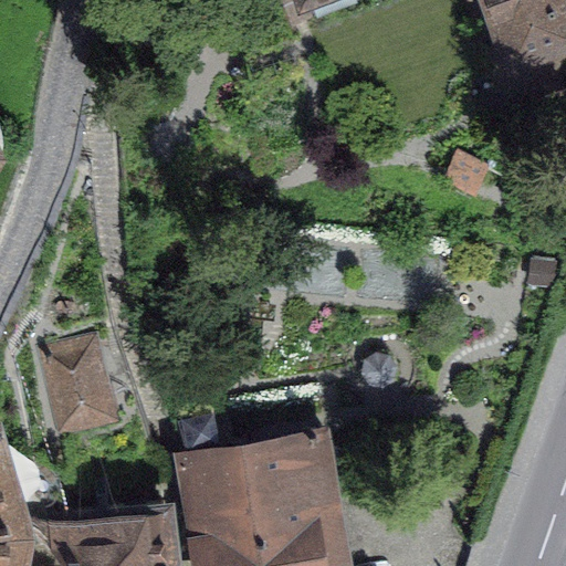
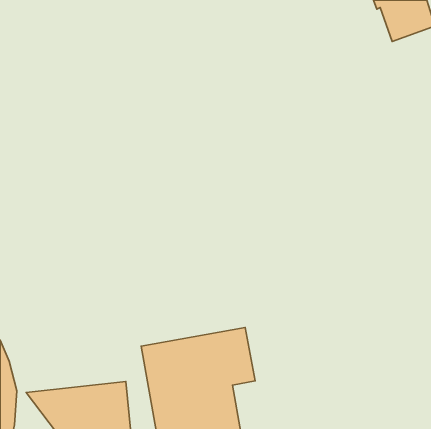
building: [41,338,115,433] -> none

